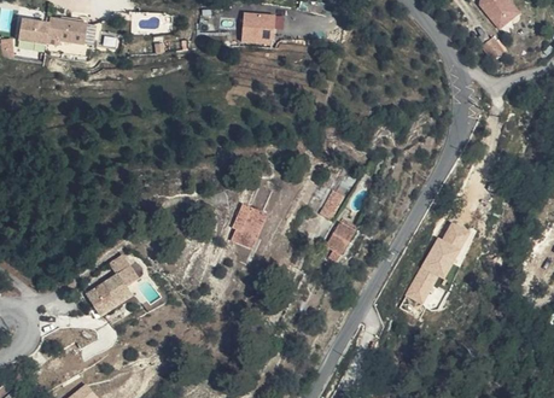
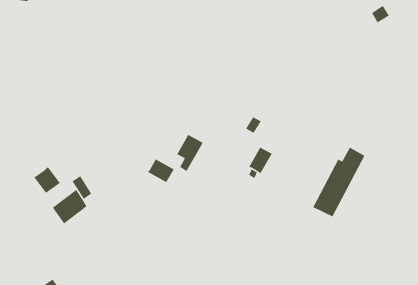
building: none -> [147,158,175,183]
building: none -> [33,166,61,194]

